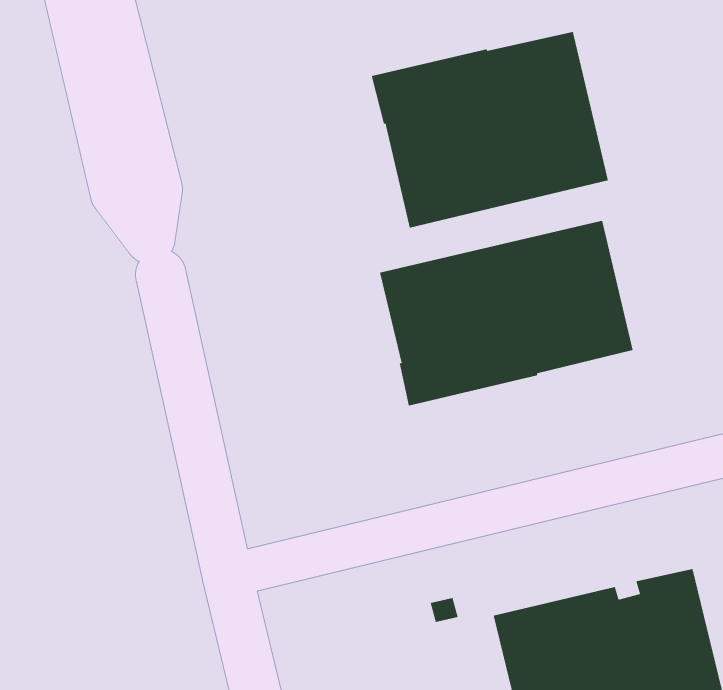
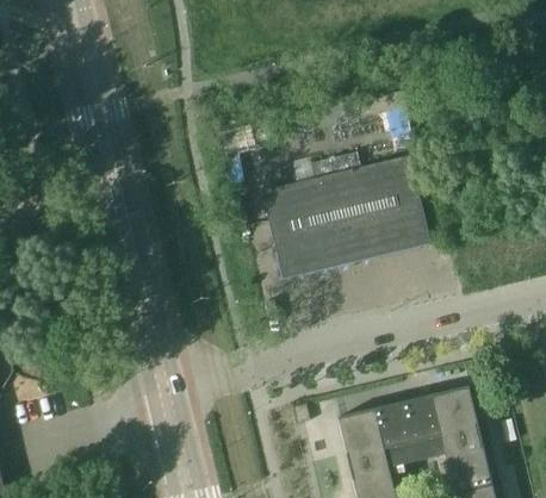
building: [371,31,609,228] -> none

